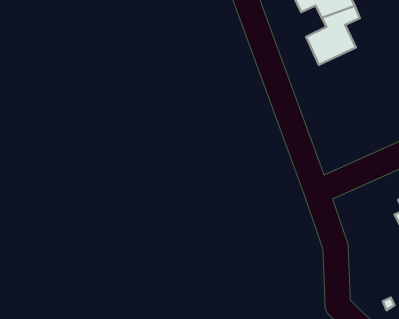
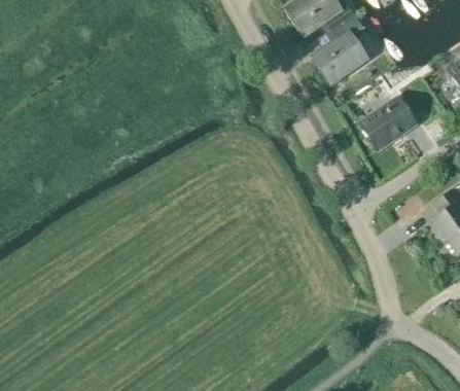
building: none -> [360,98,415,149]

